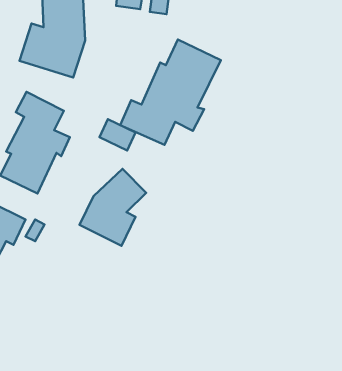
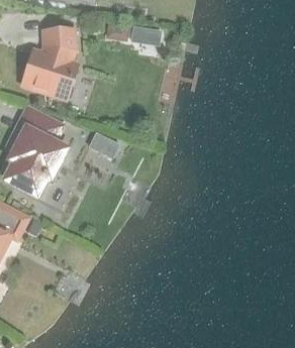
building: [120,39,221,145] -> none
building: [80,169,146,246] -> none

